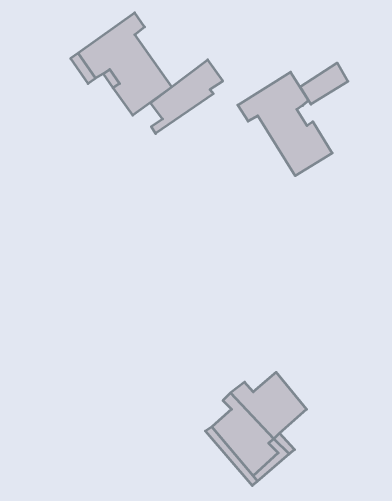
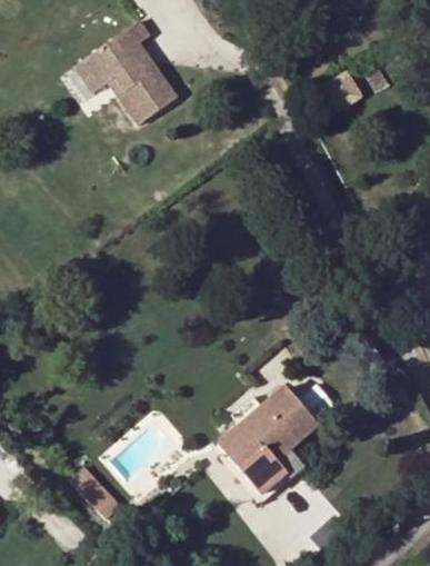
building: [151,60,223,134] -> none
building: [238,72,332,176] -> none

